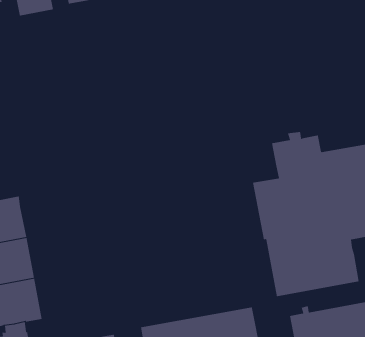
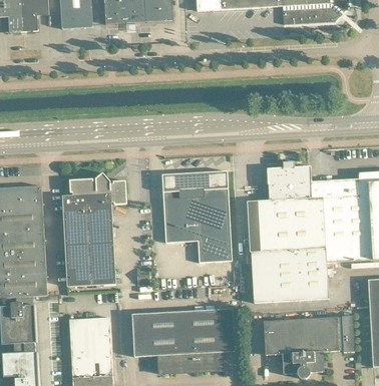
building: none -> [161,170,232,263]
building: none -> [61,172,126,287]

